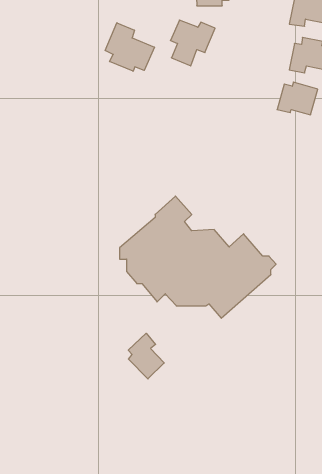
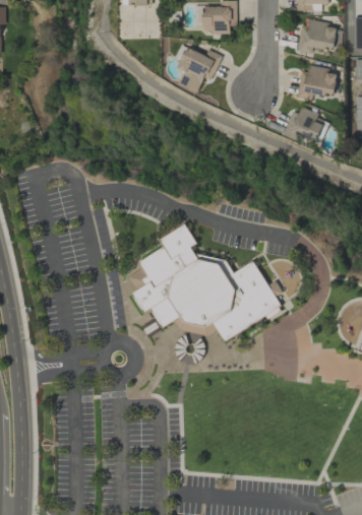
building: [105,23,154,71] -> none
building: [128,333,164,379] -> none

